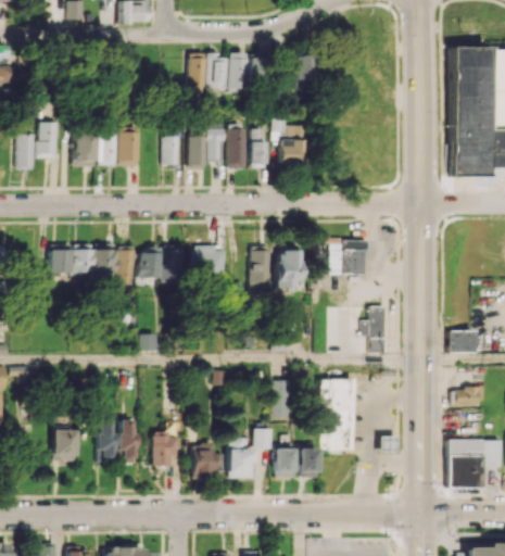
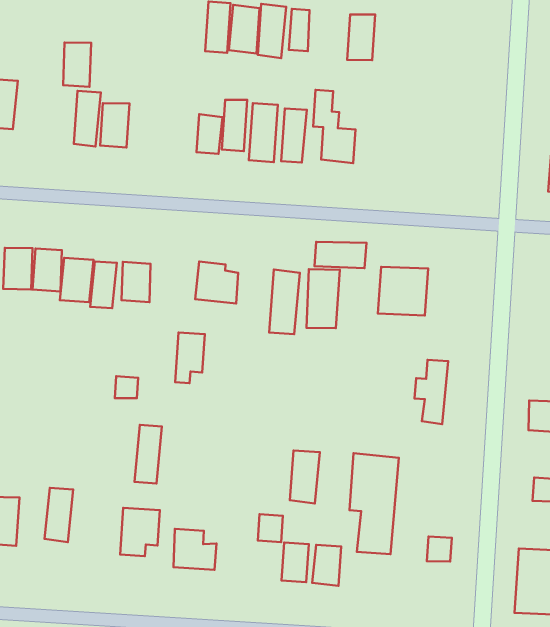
building: [72,134,92,166] -> [63,43,91,87]
building: [162,137,179,165] -> none
building: none -> [314,242,366,268]
building: [165,247,185,283] -> [175,332,205,383]
building: [118,420,136,463] -> [135,425,162,484]
building: [228,438,253,479] -> none

